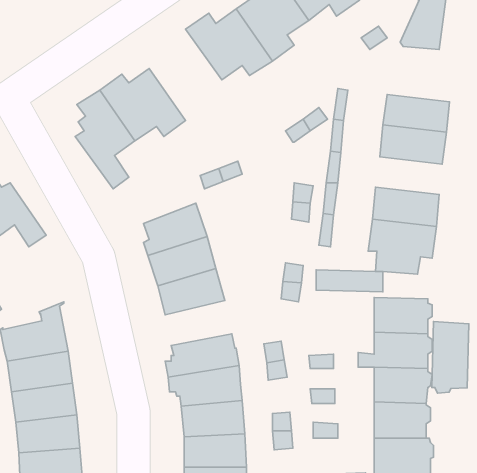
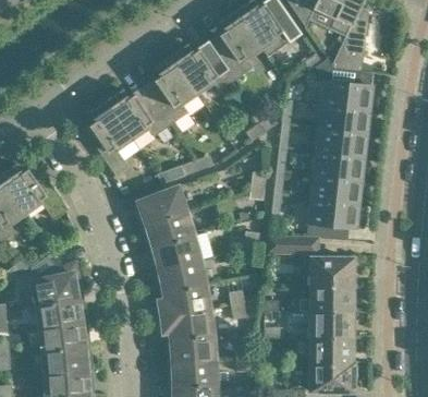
building: none -> [145,56,199,124]
building: none -> [323,69,375,110]
building: none -> [315,152,365,180]
building: none -> [157,260,207,293]
building: [432,322,469,393] -> none

